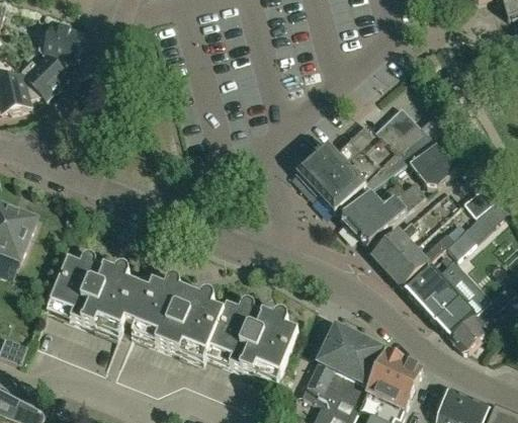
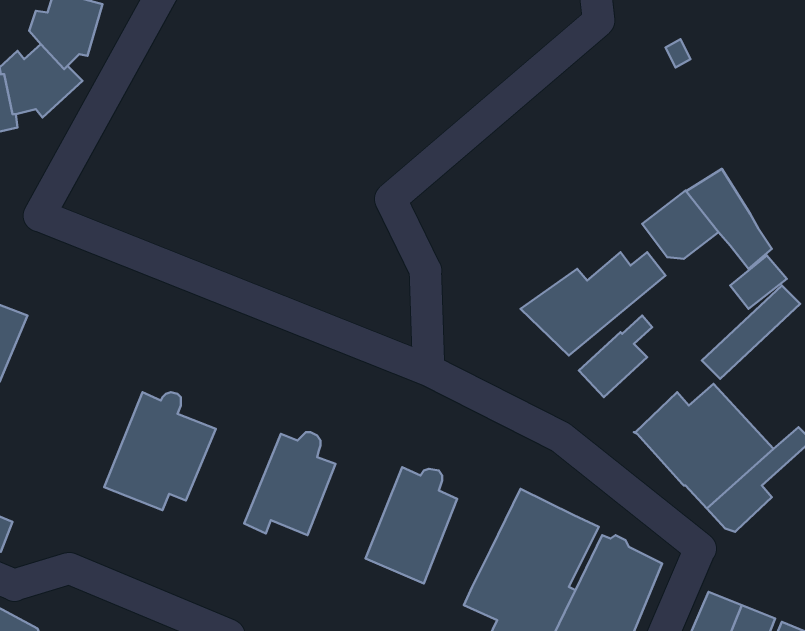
building: [294,106,453,212] -> none
building: [386,232,450,285] -> none
building: [47,252,106,324] -> none
building: [133,277,190,346] -> none
building: [206,299,264,367] -> none

